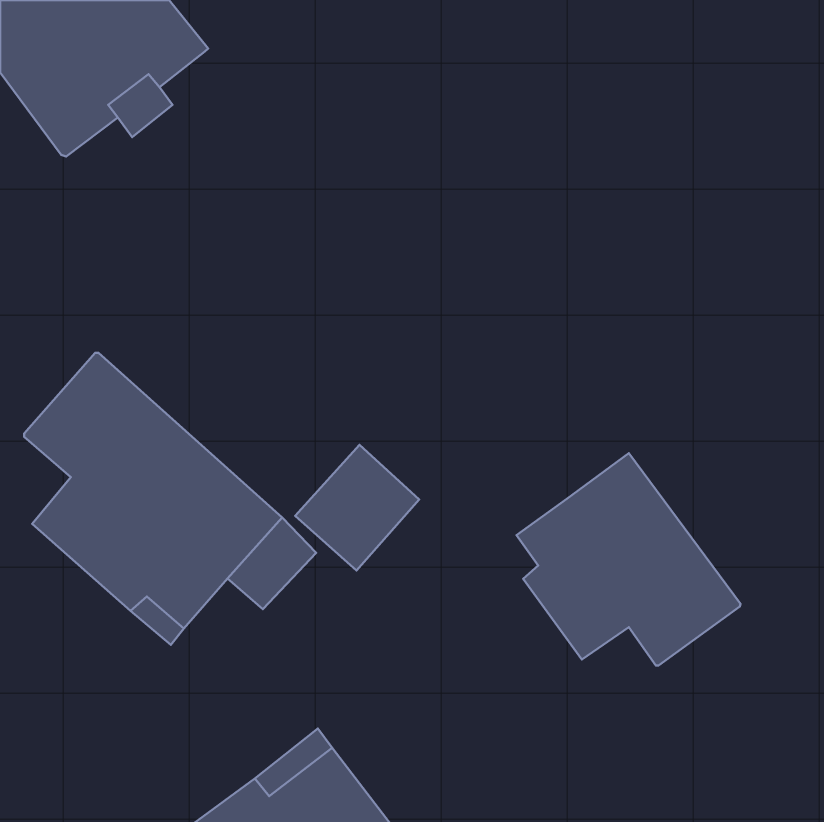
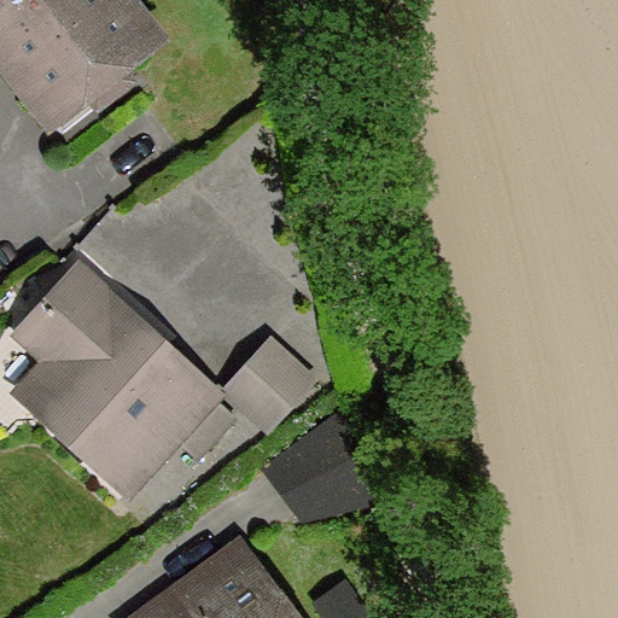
building: [517,453,740,666] -> none
building: none -> [267,413,367,520]

